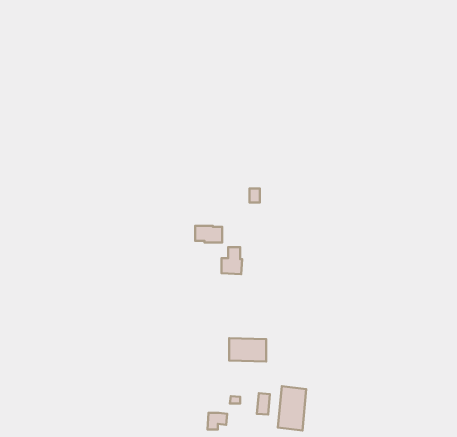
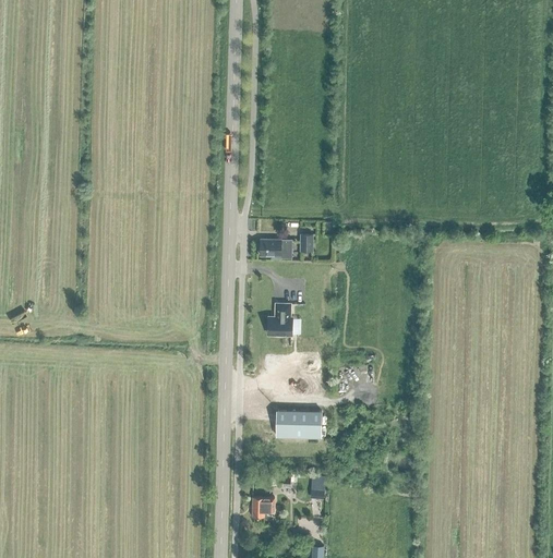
building: [195,226,222,243] -> [261,240,292,259]
building: [278,386,306,430] -> none

